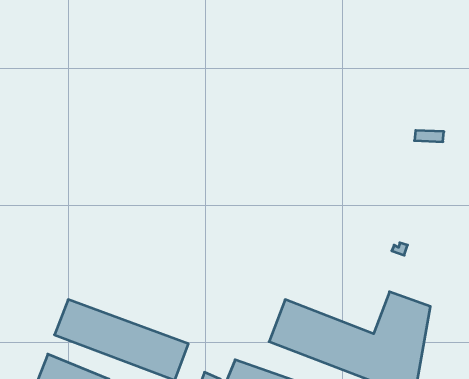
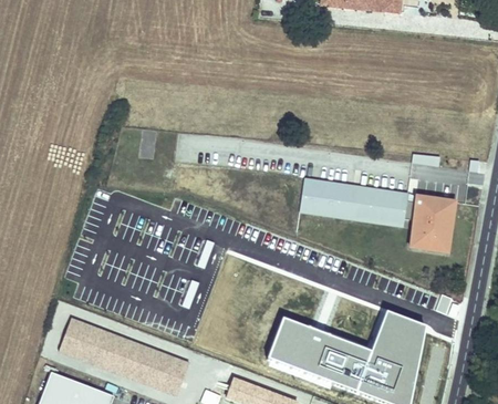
building: none -> [297,177,406,227]
building: none -> [407,195,456,252]

